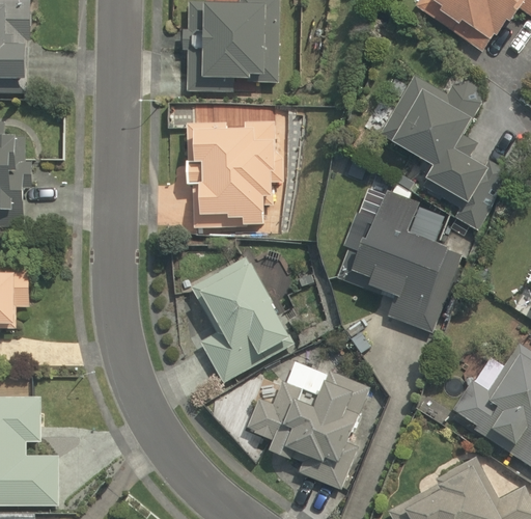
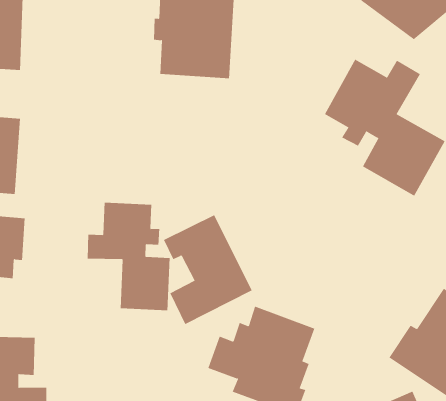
building: [186,108,283,230] -> none
building: [336,185,464,333] -> none
building: none -> [87,202,170,311]

